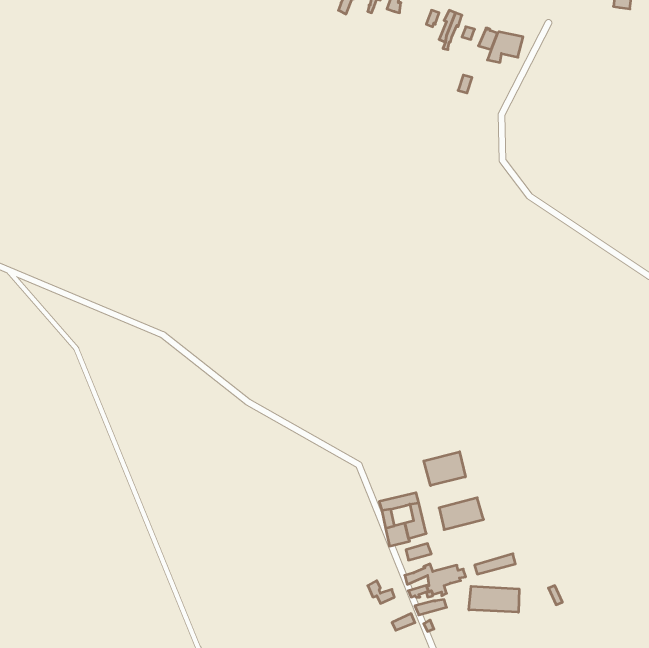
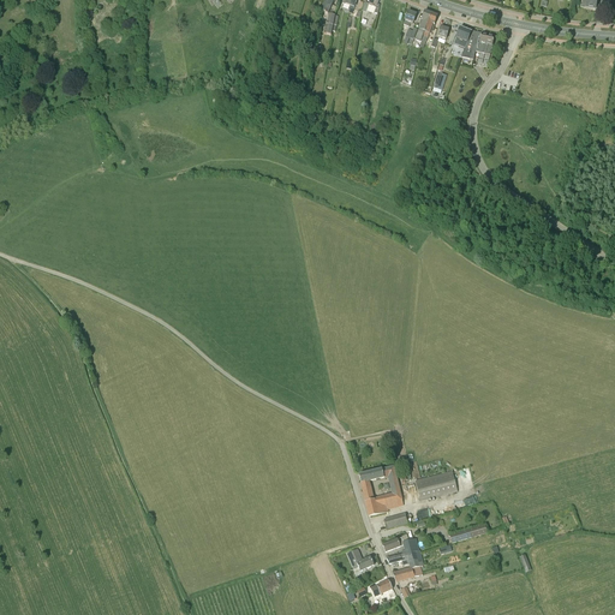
building: [424,452,465,486] -> none
building: [469,586,519,612] -> none

